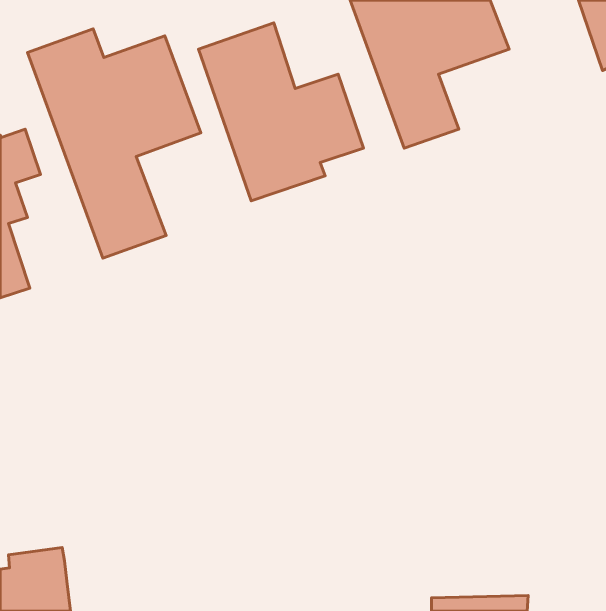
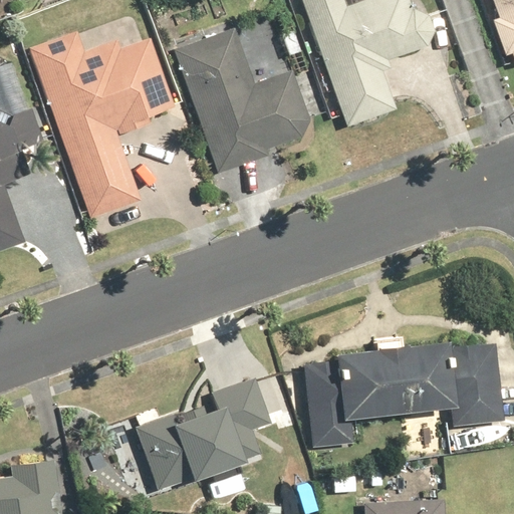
building: none -> [296,342,506,452]
building: none -> [136,374,273,494]

